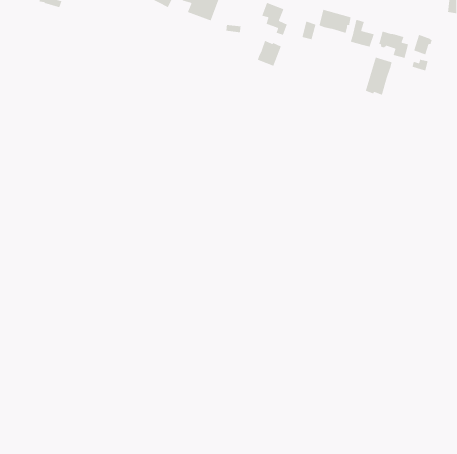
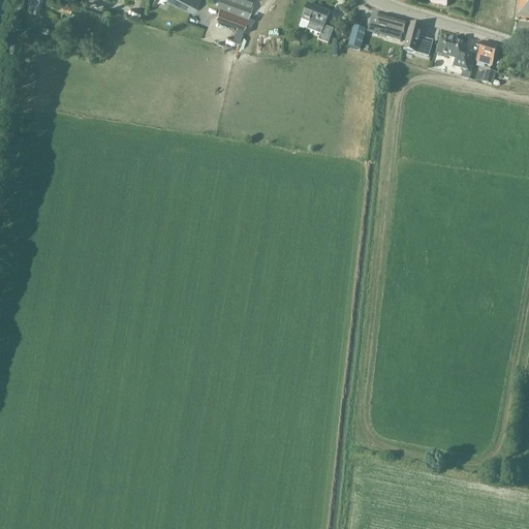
building: [257,40,282,67] -> none
building: [365,56,392,96] -> none

